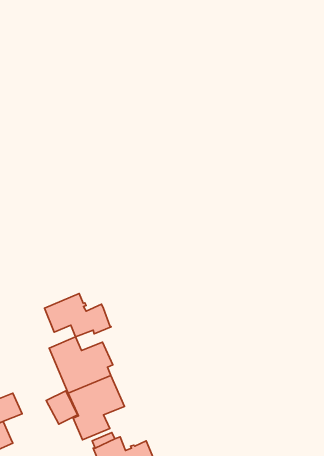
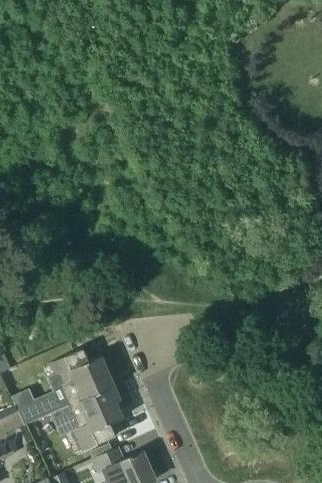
building: [45,293,111,337] -> none
building: none -> [12,390,42,426]

